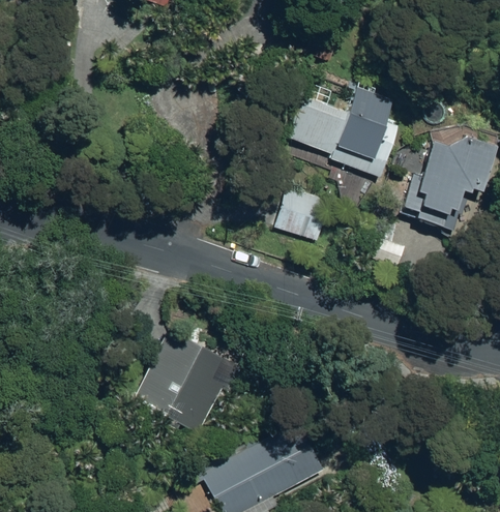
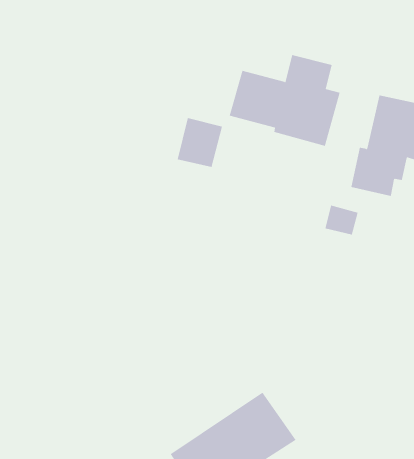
building: [276,187,325,239] -> [177,118,223,167]
building: [125,320,240,434] -> none

